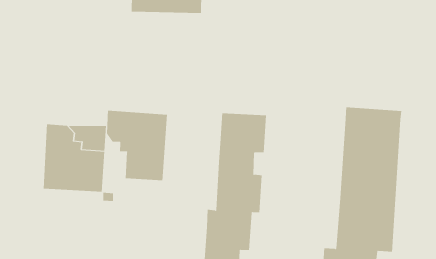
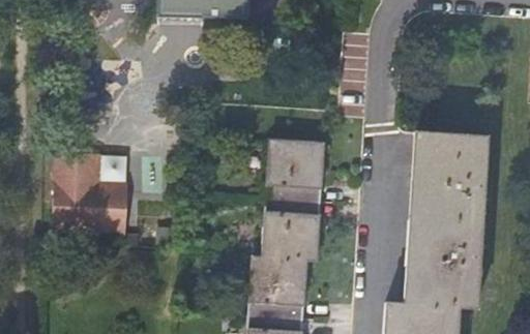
building: [106,110,167,181] -> none

